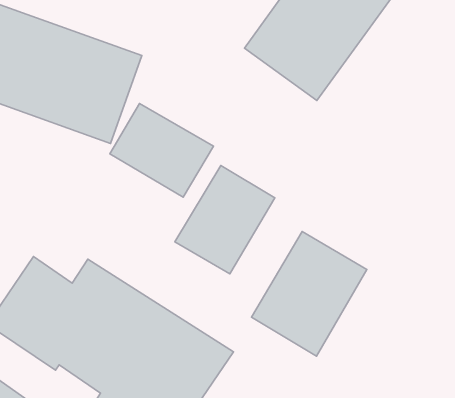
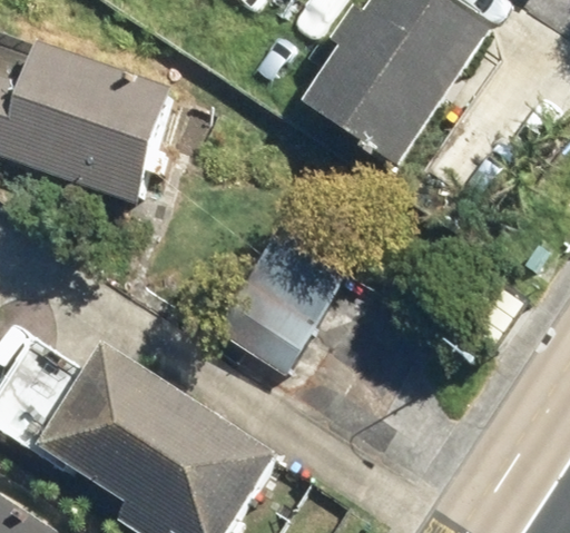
building: [110,103,214,197] -> none
building: [252,231,367,356] -> none

